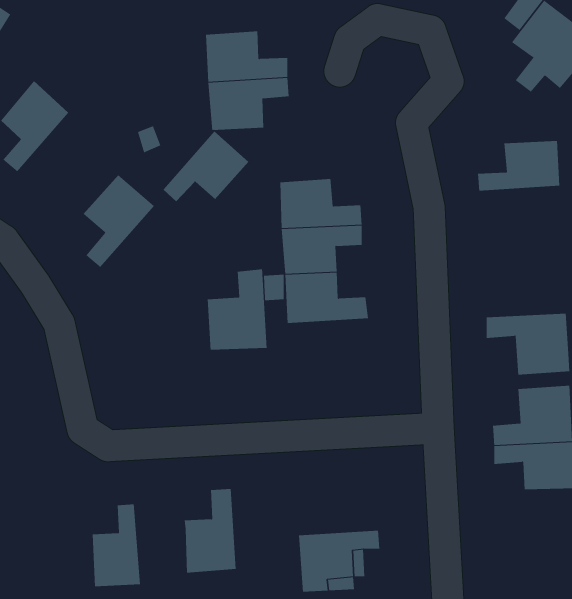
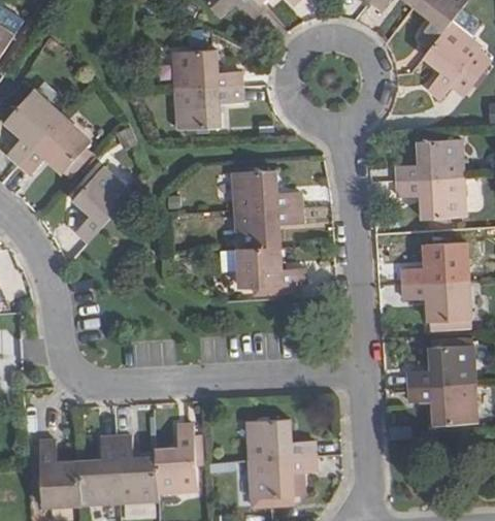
building: [162,130,249,202] -> [19,117,90,175]
building: none -> [396,176,465,219]
building: none -> [401,241,468,284]
building: [207,269,267,350] -> none
building: none -> [246,420,315,462]
building: none -> [114,436,158,502]
building: none -> [38,441,81,507]

